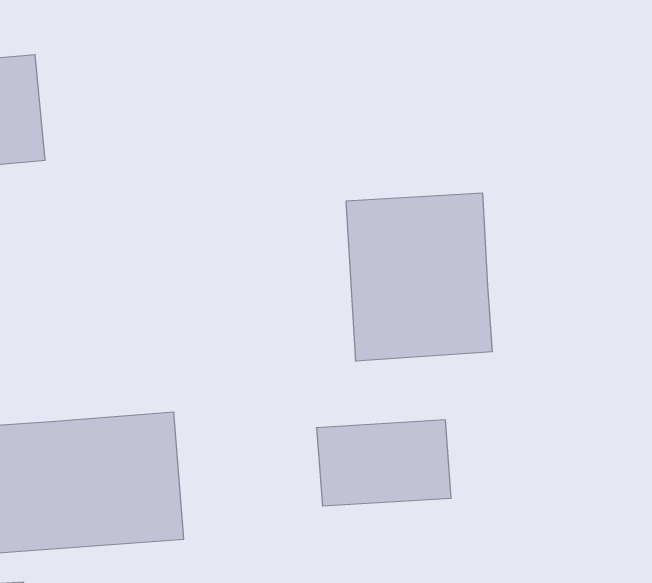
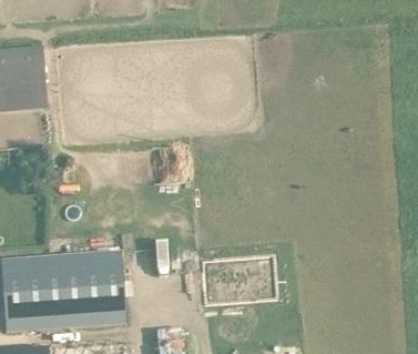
building: [346,193,492,361] -> none

